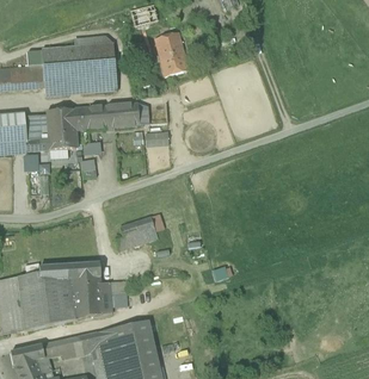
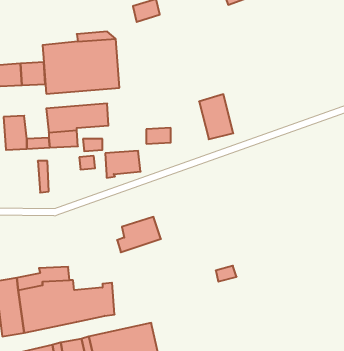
building: [156,31,190,75] -> [199,94,233,139]
building: [106,104,141,130] -> [105,151,141,178]
building: [68,263,102,288] -> none

